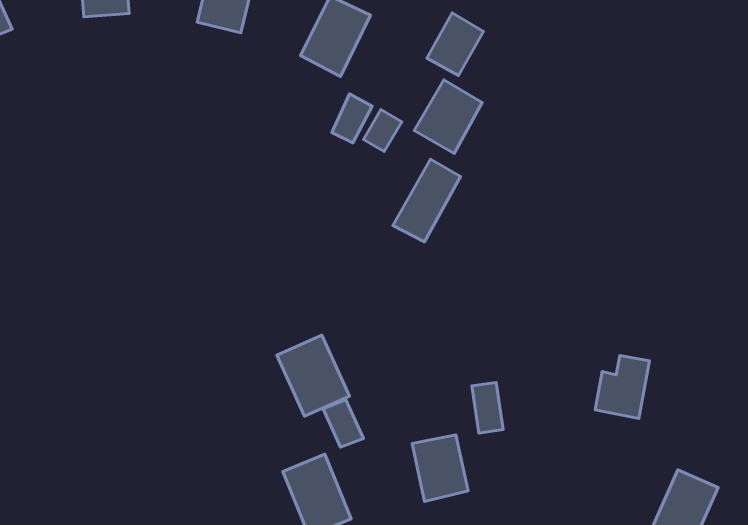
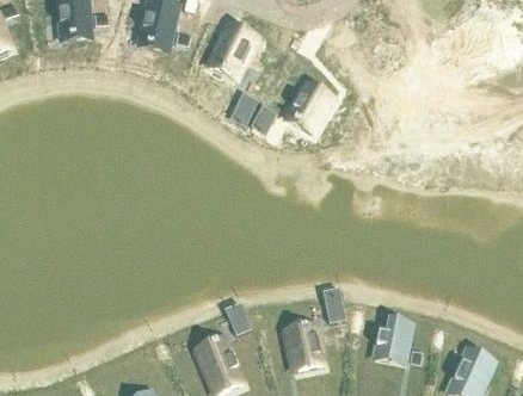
building: [427,13,484,75] -> none
building: [393,159,461,242] -> none
building: [277,335,349,416] -> none
building: [595,356,649,419] -> [374,318,411,361]

